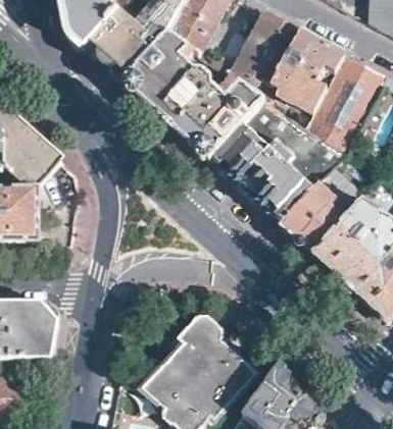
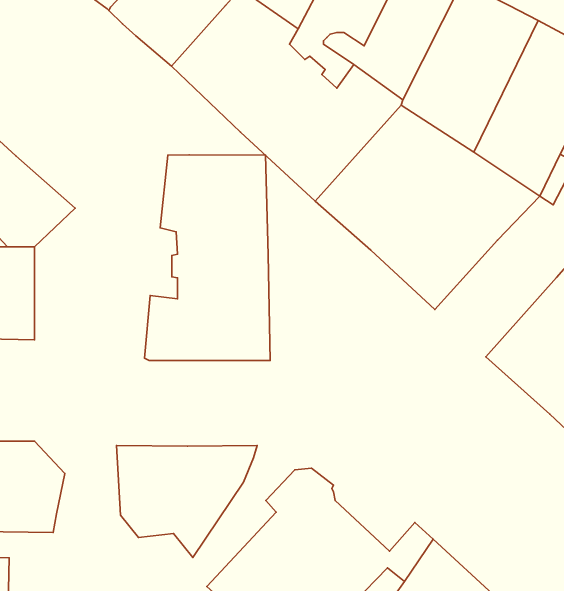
building: none -> [144,155,270,360]
building: [280,179,353,250] -> none
building: none -> [117,446,257,557]

